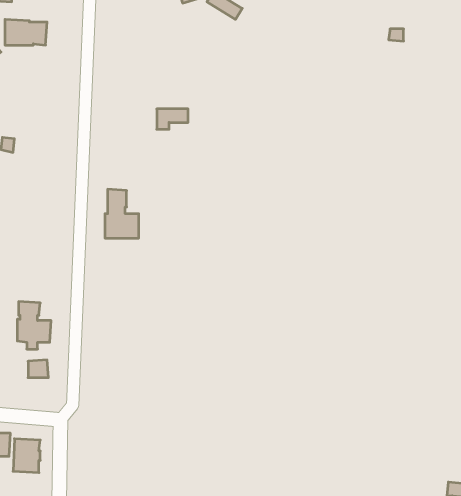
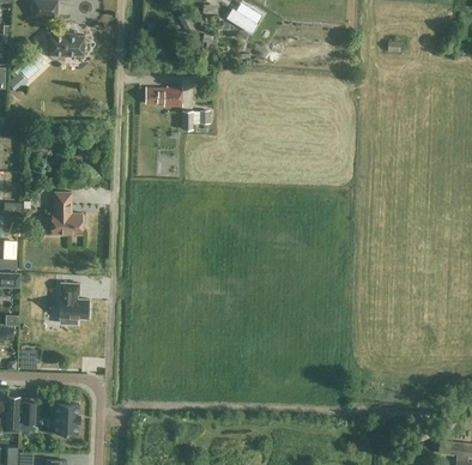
building: none -> [145,87,182,108]
building: [105,189,139,238] -> [52,192,81,235]

